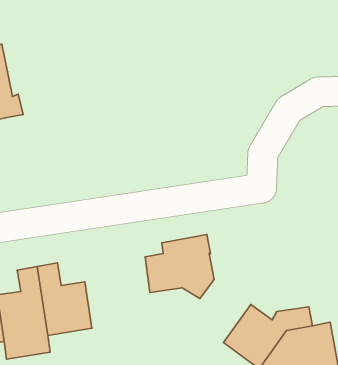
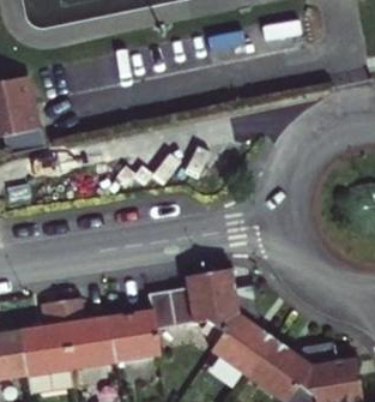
building: none -> [211,283,276,377]
building: none -> [108,290,174,362]

